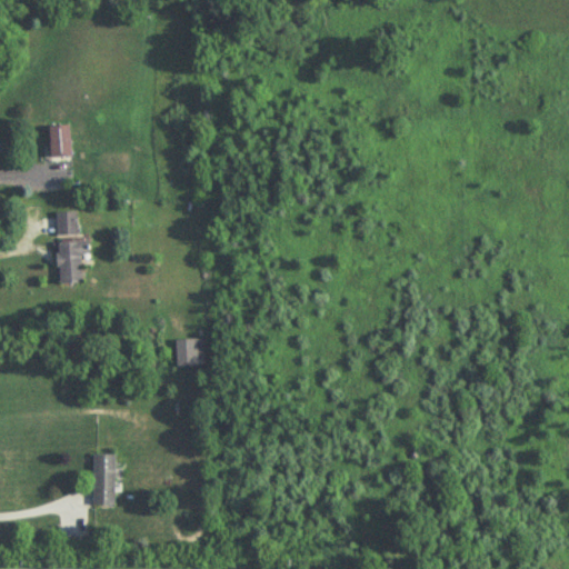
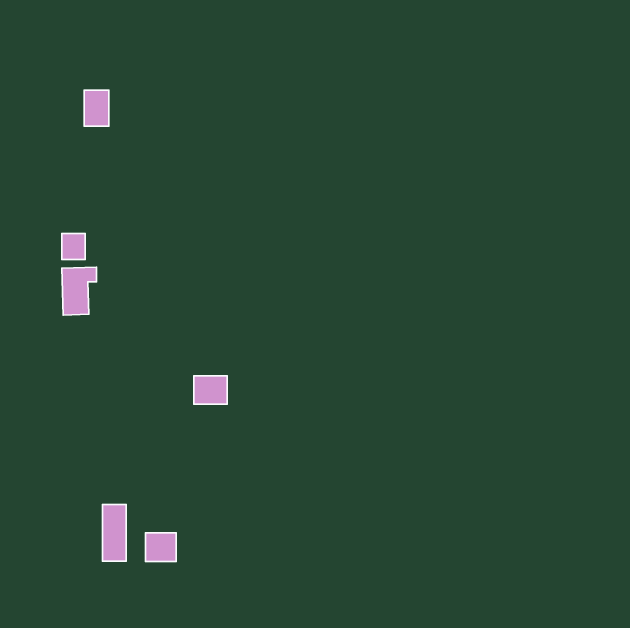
building: [49,122,71,154] -> [84,90,109,126]
building: none -> [145,533,176,562]

